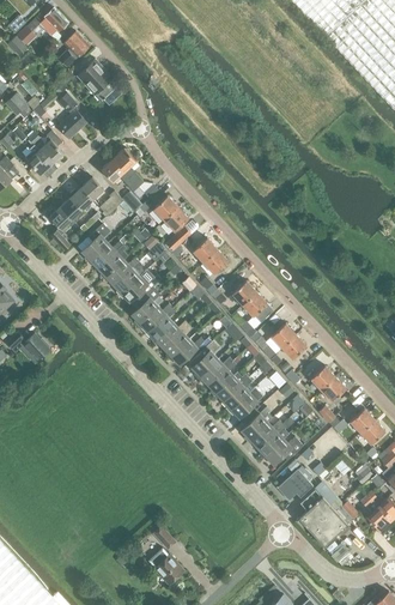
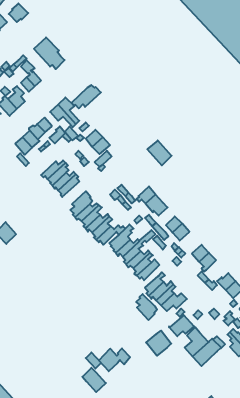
building: [59,31,90,67] -> none
building: none -> [71,85,101,108]
building: [81,223,110,262] -> none
building: [192,237,227,274] -> [147,140,172,165]
building: [118,274,160,305] -> none
building: none -> [136,294,157,320]
building: none -> [146,331,171,356]
building: none -> [99,348,130,371]

